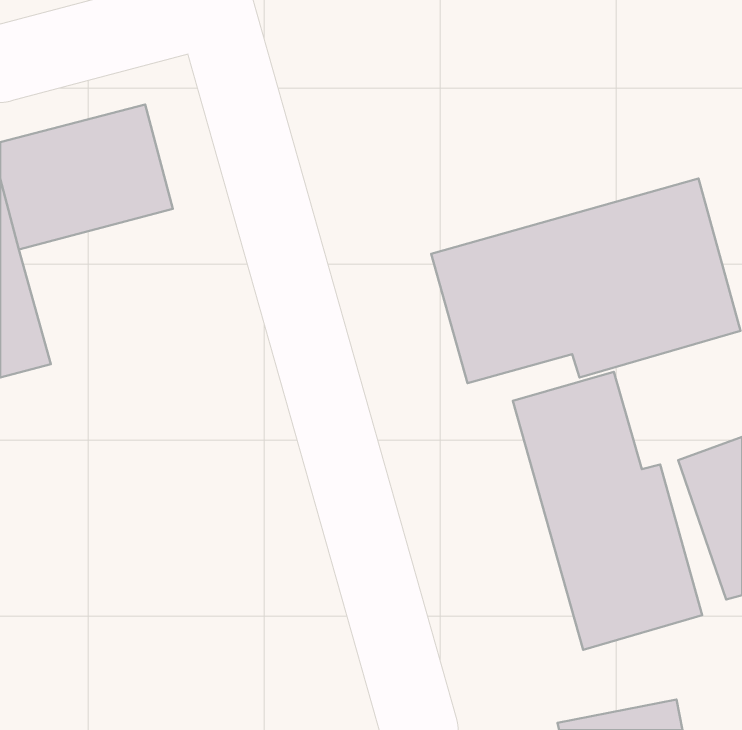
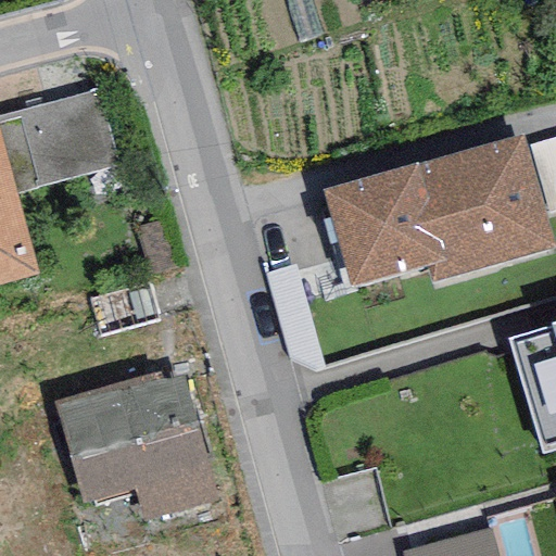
building: [513,372,702,650] -> none
building: none -> [75,378,220,521]

